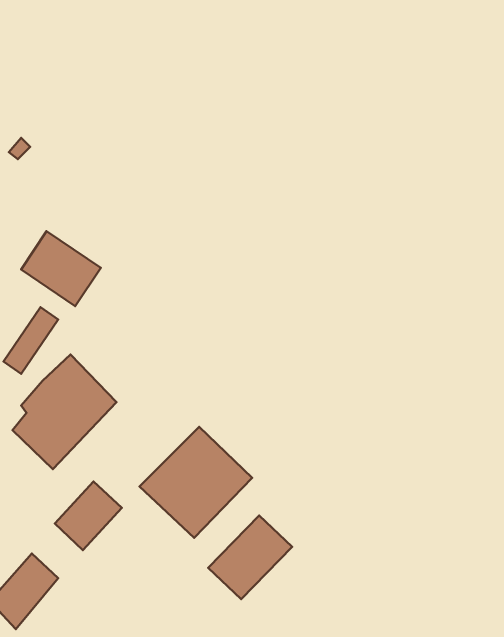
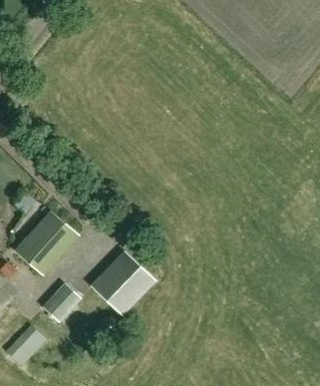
building: [21,231,101,306] -> none
building: [208,515,292,599] -> none

